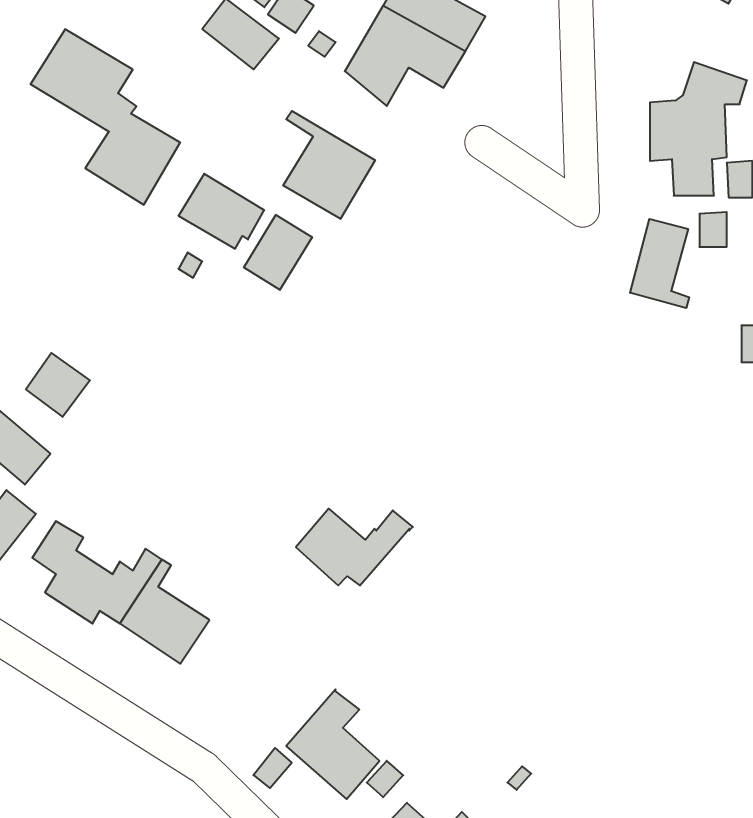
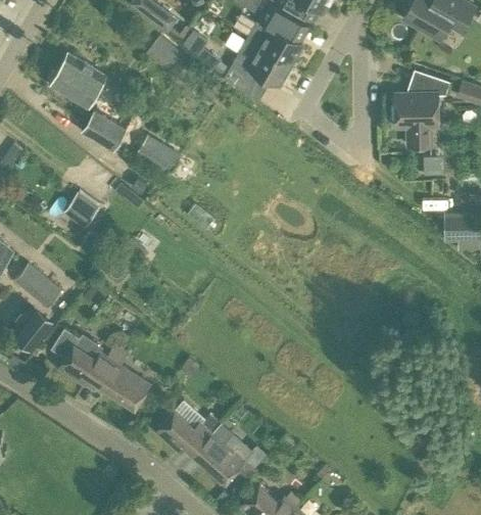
building: [283,111,375,219] -> none
building: [244,215,312,290] -> none
building: [630,219,689,308] -> none
building: [26,353,90,417] -> [63,191,99,227]
building: [296,509,413,585] -> [157,411,223,454]

